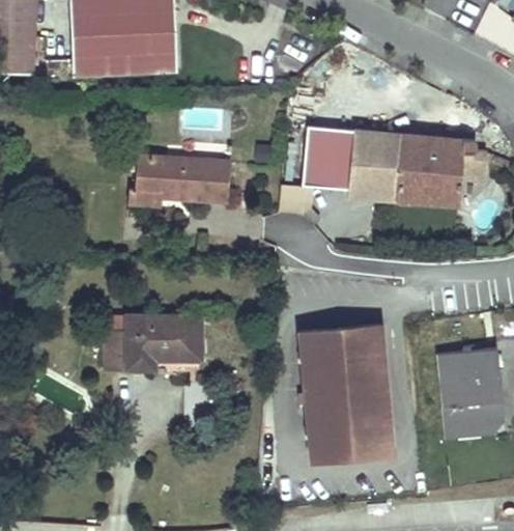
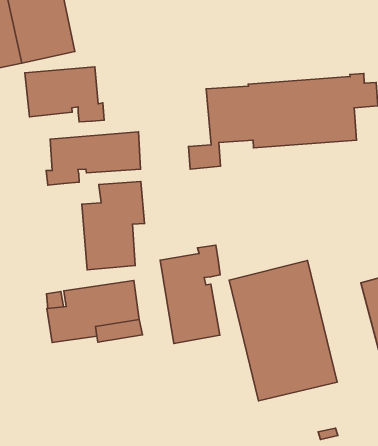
building: none -> [25,67,104,122]
building: none -> [82,181,145,270]
building: none -> [160,245,220,344]

